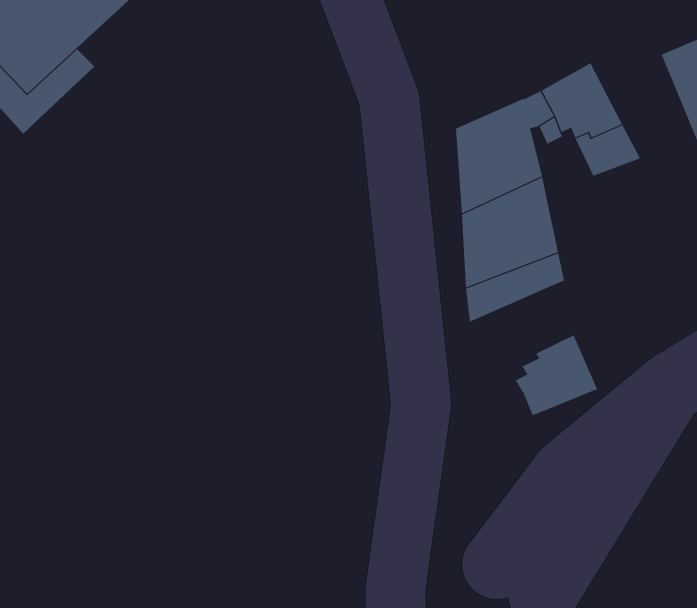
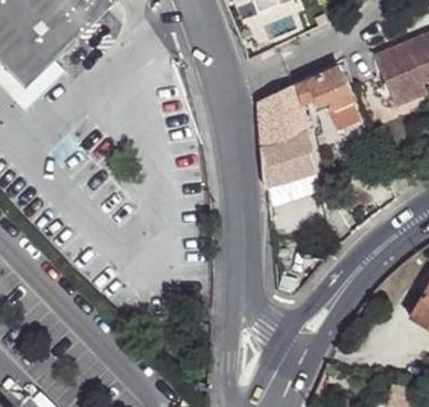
building: [515,334,598,416] -> none

